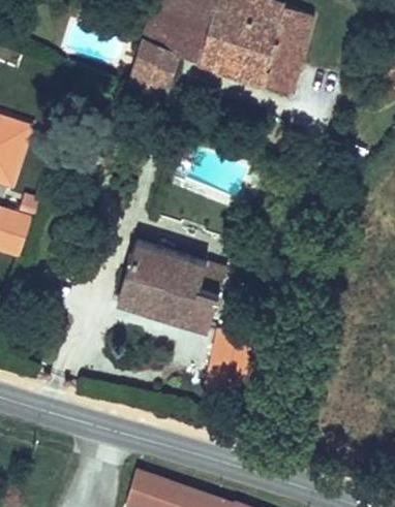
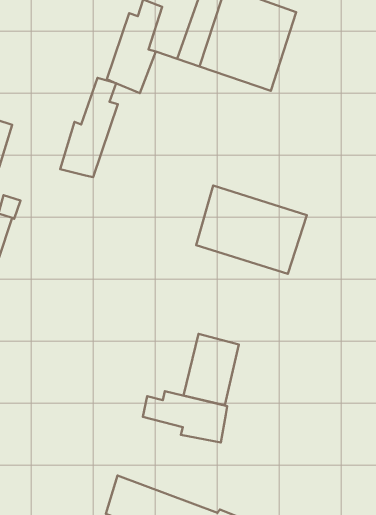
building: none -> [60,78,118,177]
building: [116,240,223,325] -> [196,185,307,274]
building: none -> [143,391,227,443]

